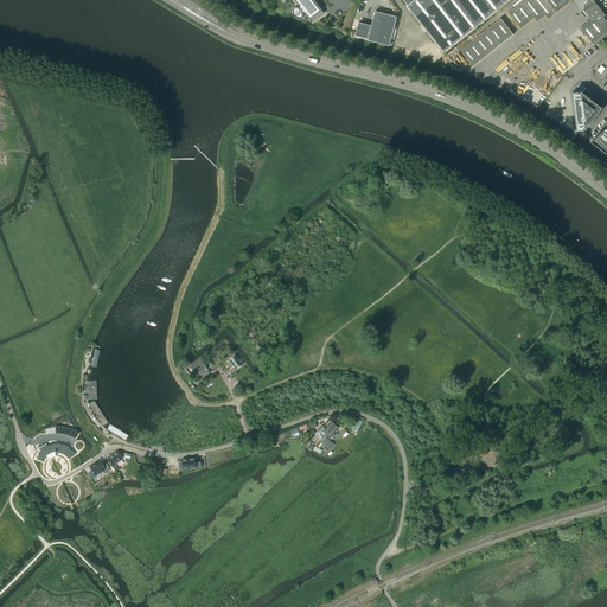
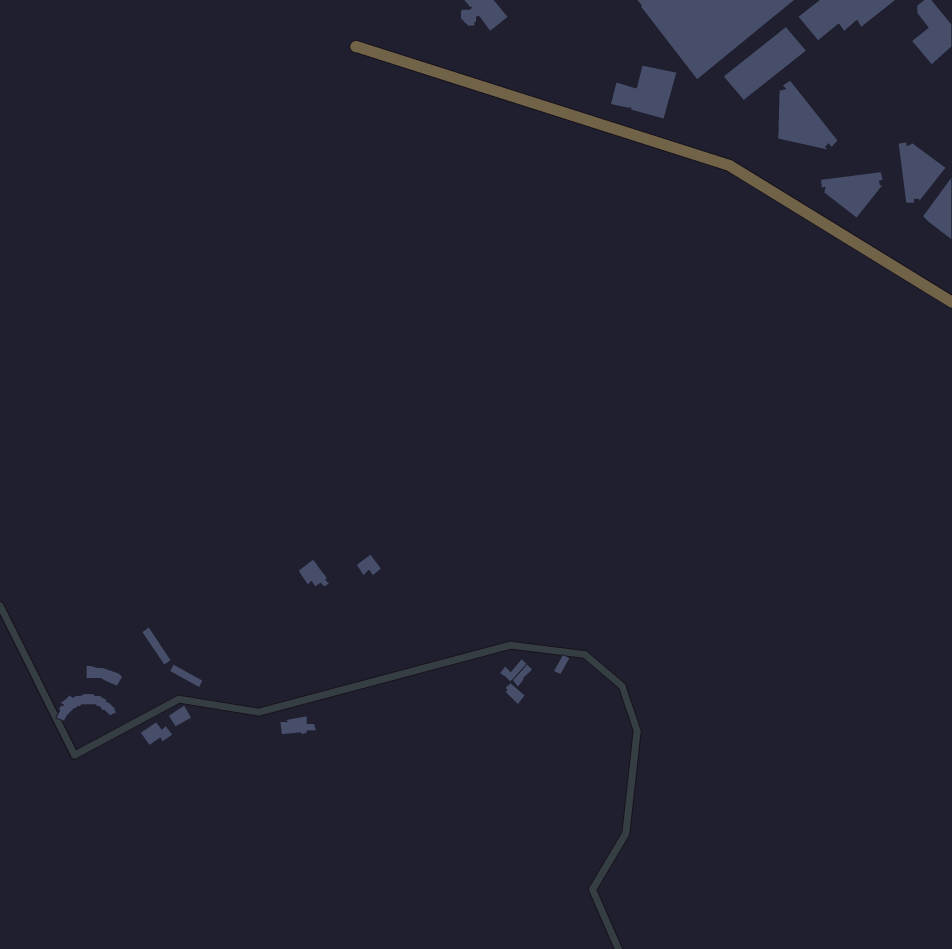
building: [354,9,397,44] -> [610,65,677,119]
building: none -> [778,80,838,150]
building: none -> [821,172,884,219]

